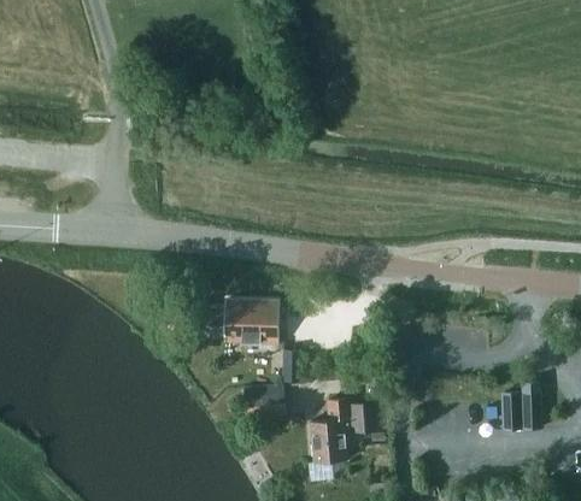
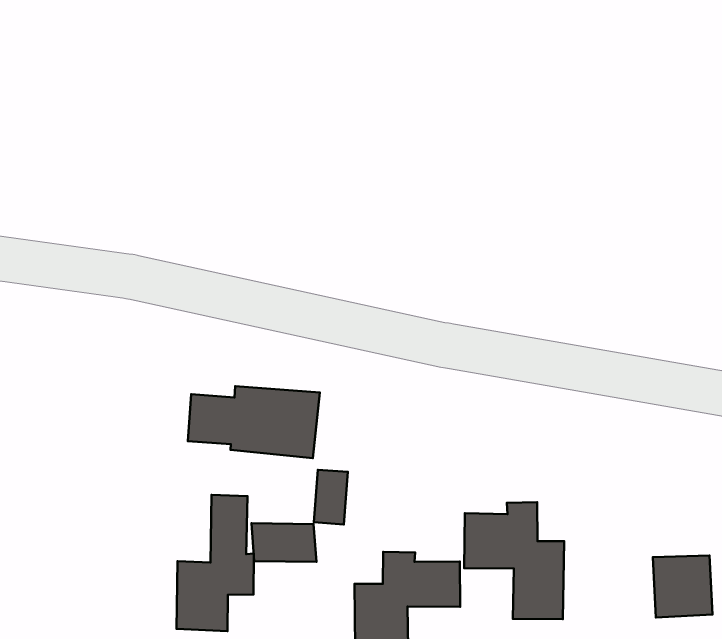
building: none -> [464,502,564,619]
building: none -> [176,495,254,631]

